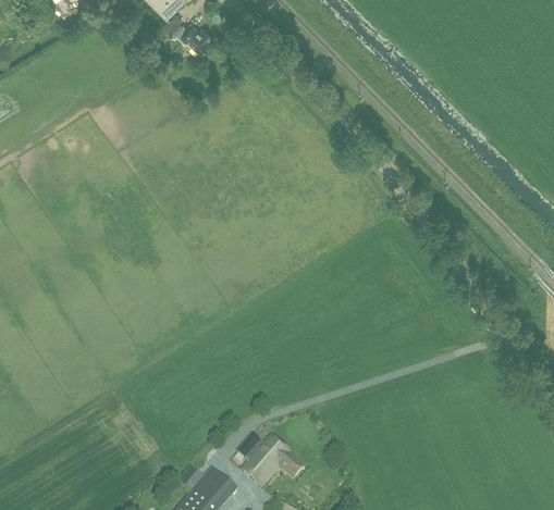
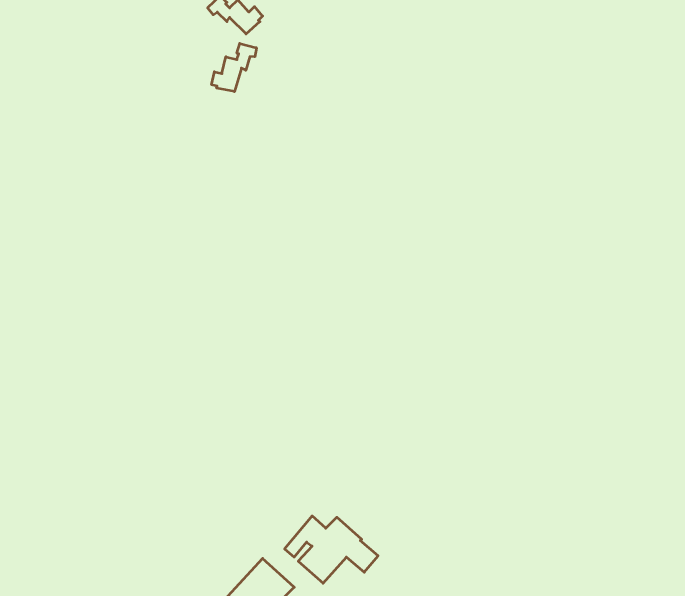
building: none -> [212,43,256,92]

